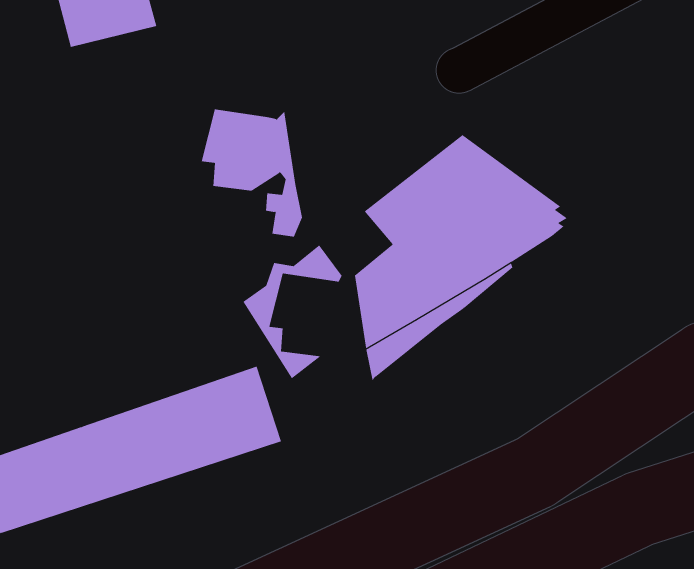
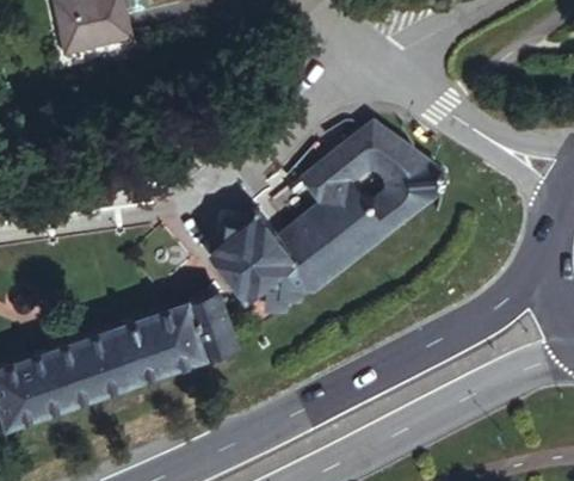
building: [201,109,303,237] -> [223,228,297,321]

